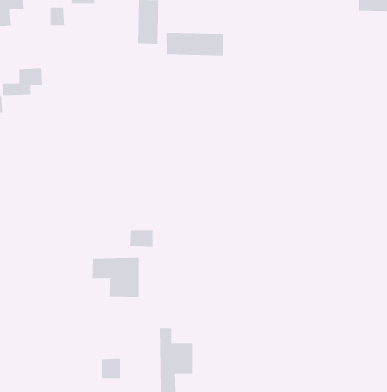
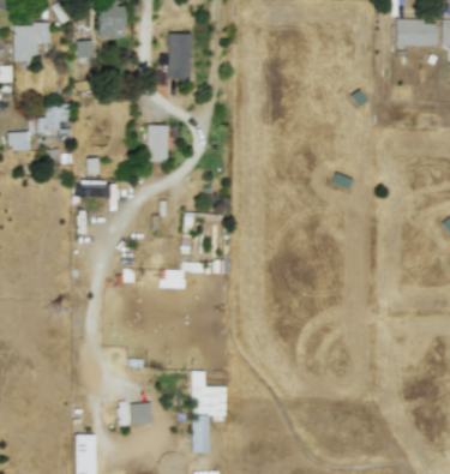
building: [166,32,224,56] -> none
building: none -> [146,125,168,162]
building: [92,257,139,298] -> none

